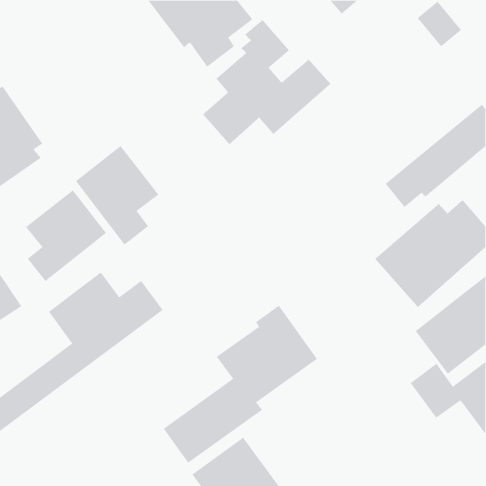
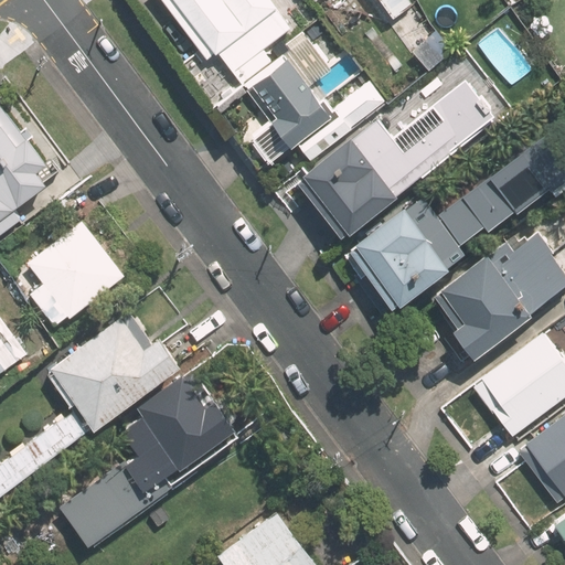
building: none -> [274,54,504,239]
building: [75,145,159,245] -> none
building: none -> [342,199,468,324]
building: [163,305,318,464] -> [63,365,241,547]

